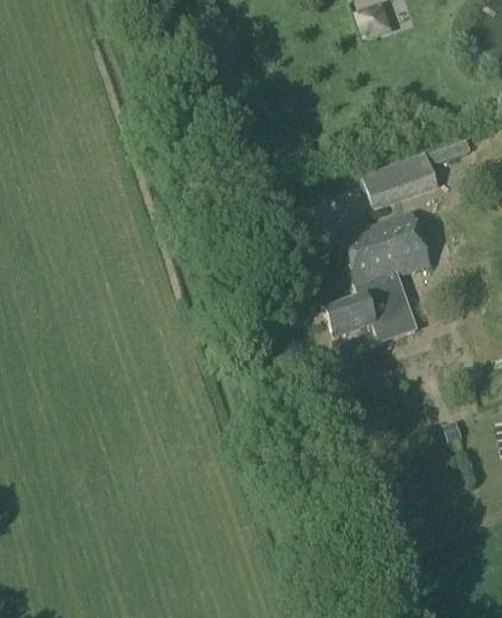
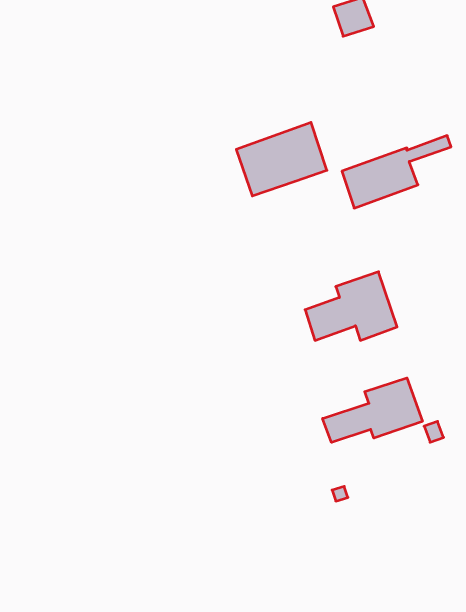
building: [340,214,430,286] -> [236,122,327,196]
building: none -> [323,378,422,442]

